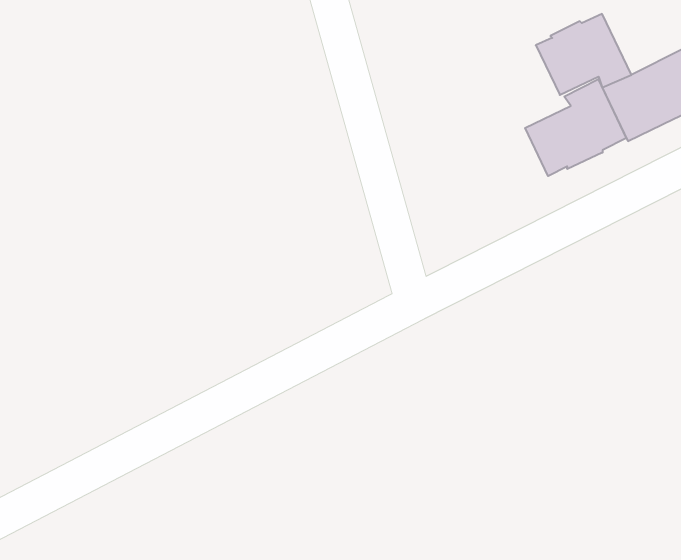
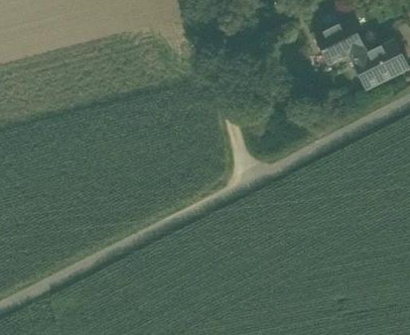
building: [525,79,626,176] -> none

